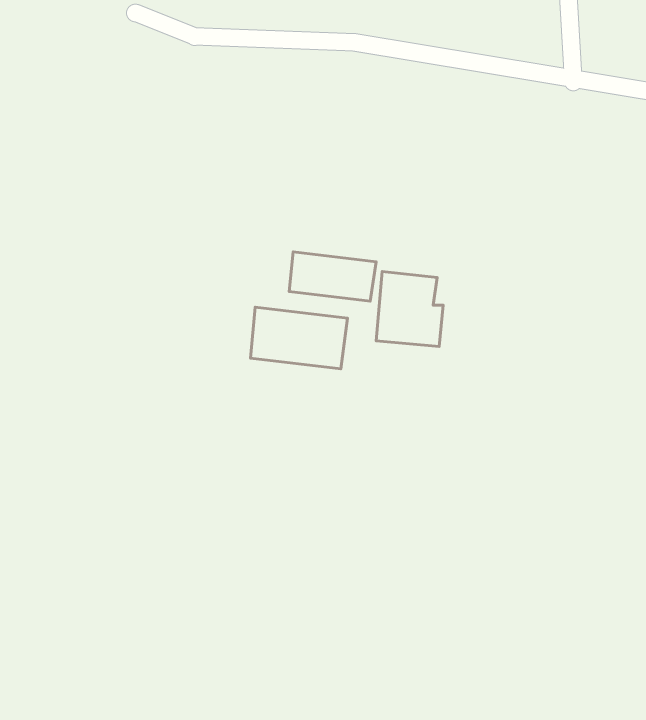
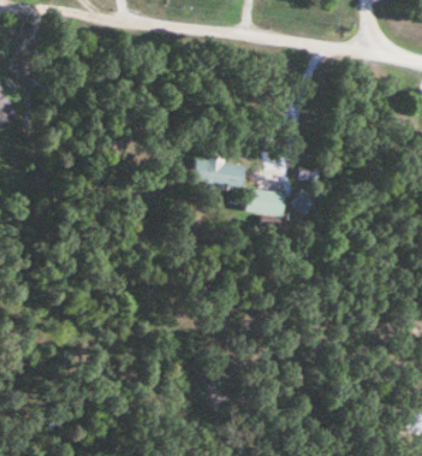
building: [251,307,348,369] -> none

